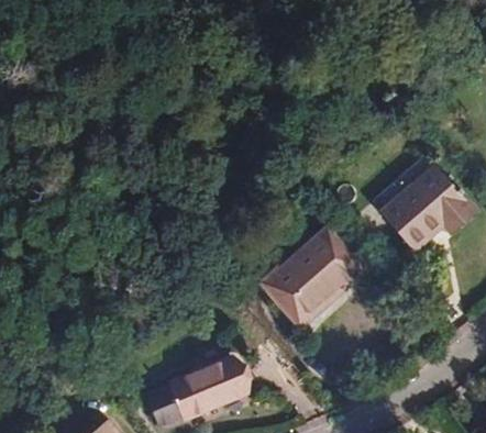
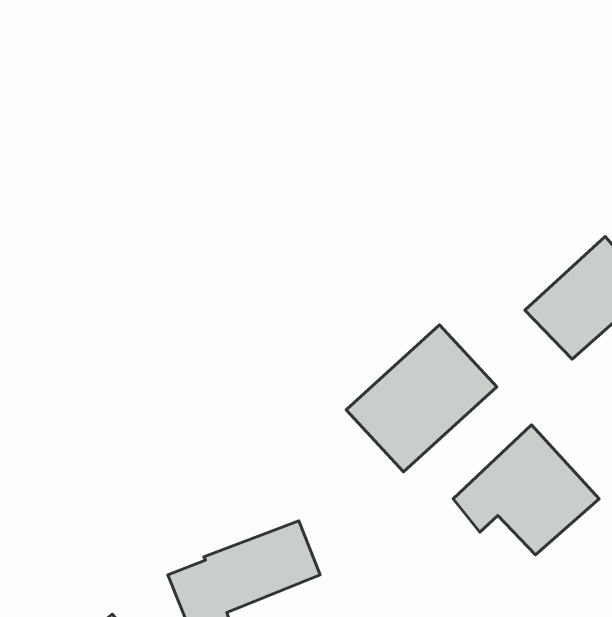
building: none -> [453,425,599,555]

